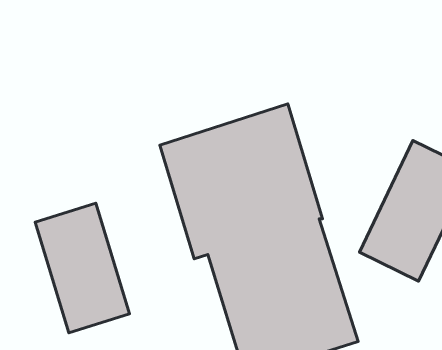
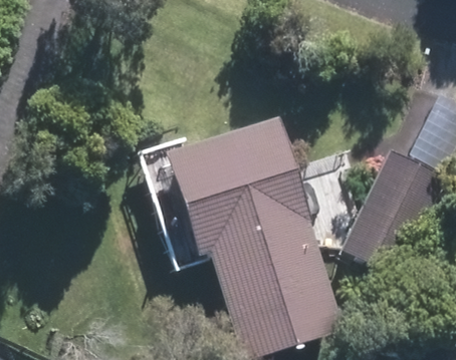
building: [35,203,129,333] -> none

